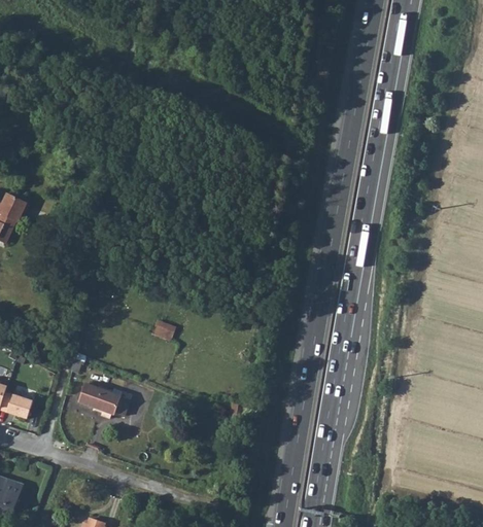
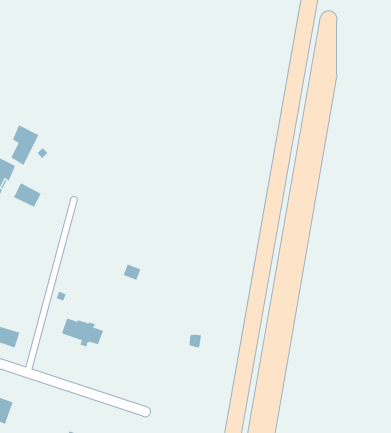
building: none -> [10,125,39,166]
building: none -> [13,182,41,207]

